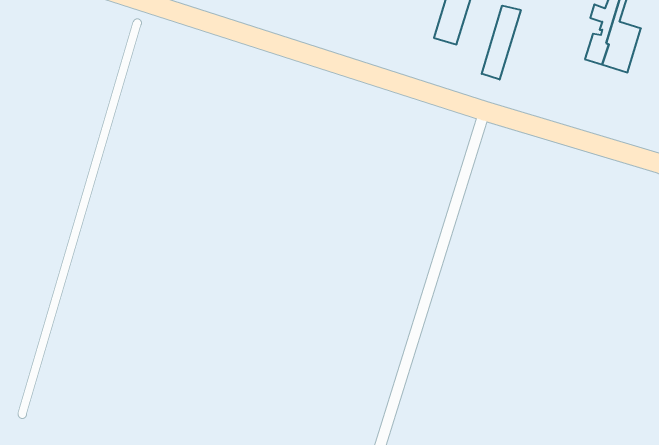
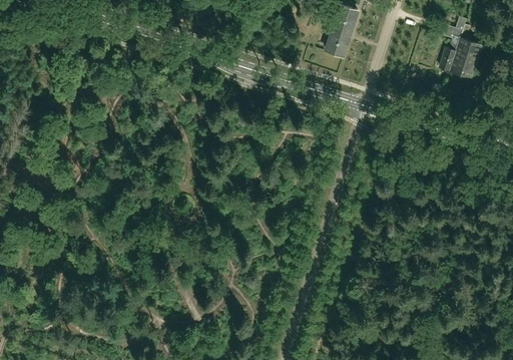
building: [482,6,521,80] -> none

